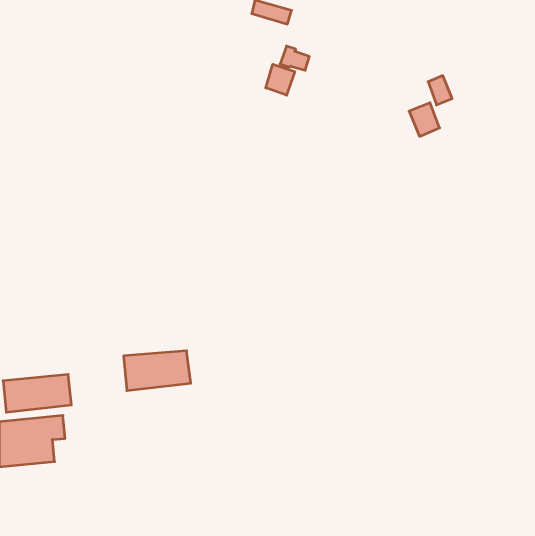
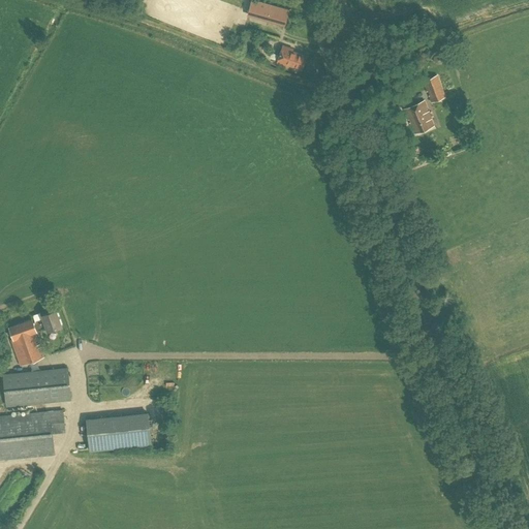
building: [266,64,295,95] -> none
building: none -> [7,310,60,366]
building: [124,351,191,391] -> [85,412,151,452]

